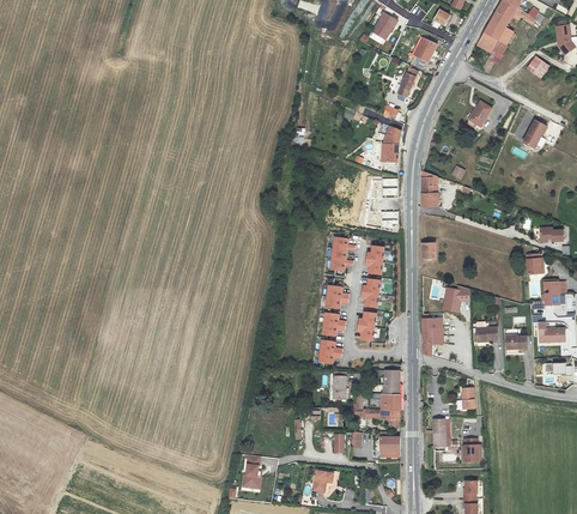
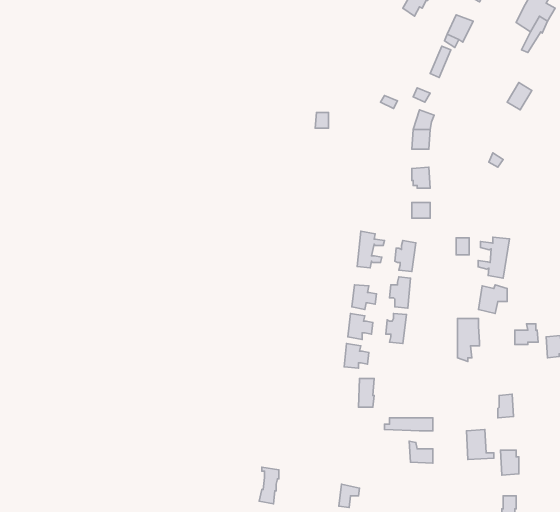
building: [420,171,437,206] -> none
building: none -> [478,237,510,278]
building: [379,369,400,409] -> none

